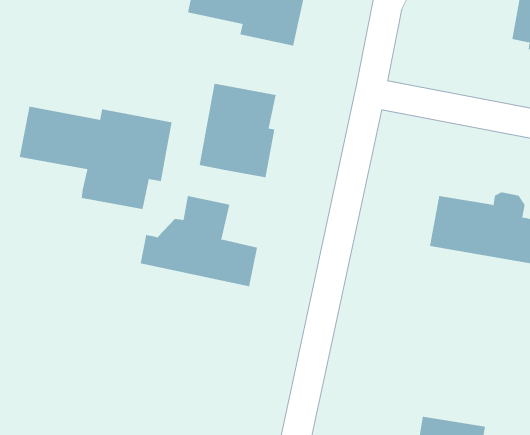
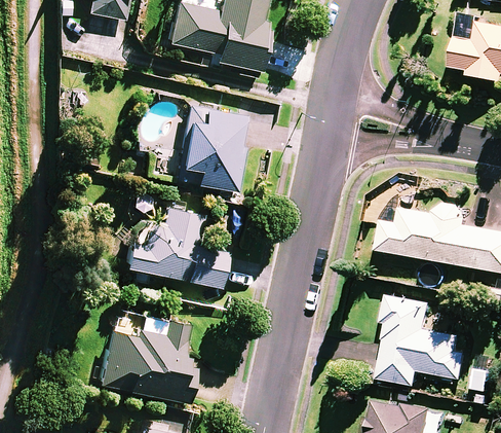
building: [19,106,172,210] -> none
building: none -> [381,299,466,386]
building: none -> [100,316,197,402]

